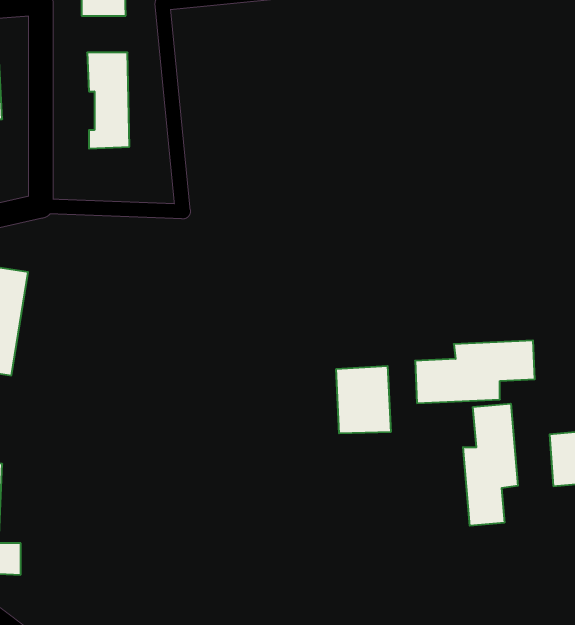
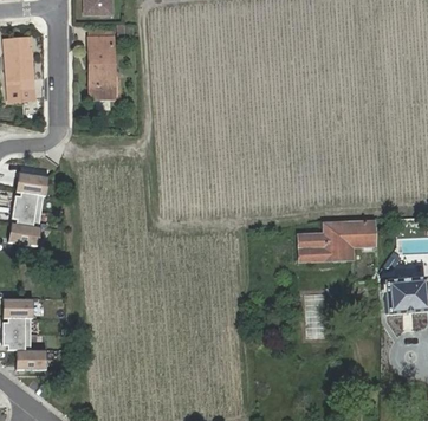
building: [336,366,391,433] -> none
building: [463,404,518,526] -> none

